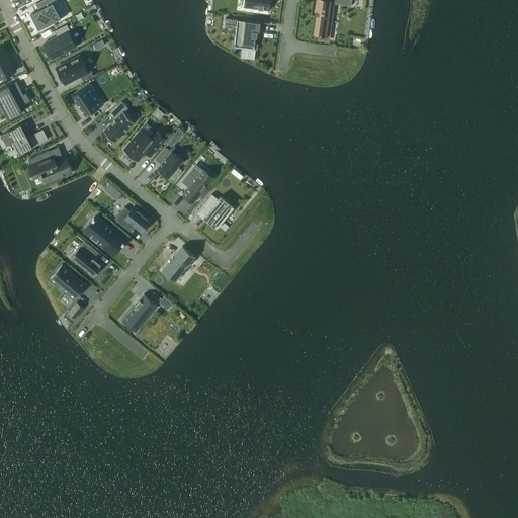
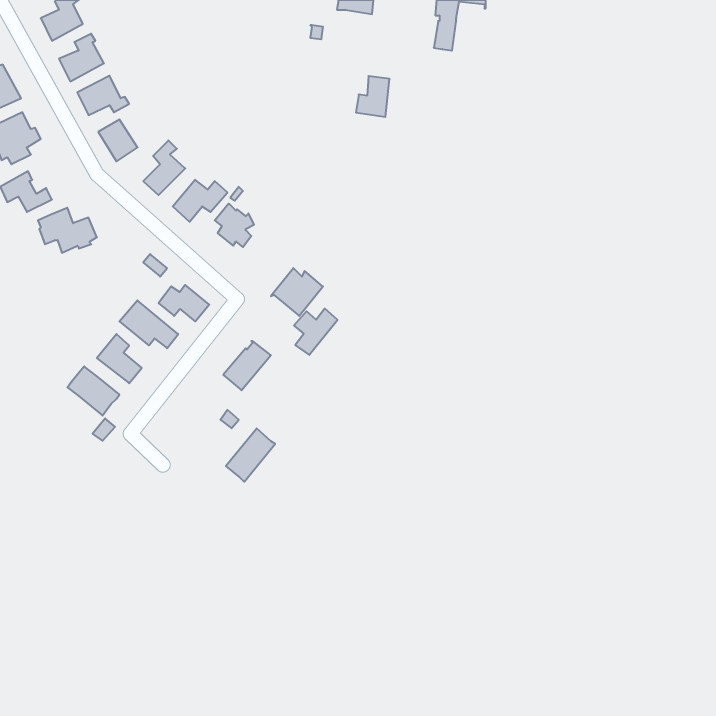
building: [235,21,259,51] -> [356,76,390,117]
building: [181,170,212,203] -> [294,309,337,355]
building: [121,294,157,333] -> [226,428,275,482]

